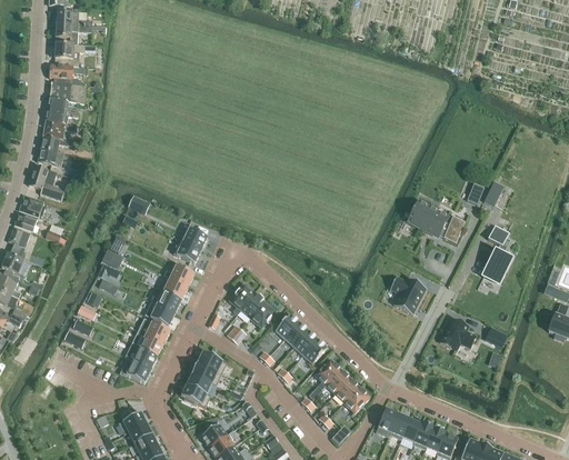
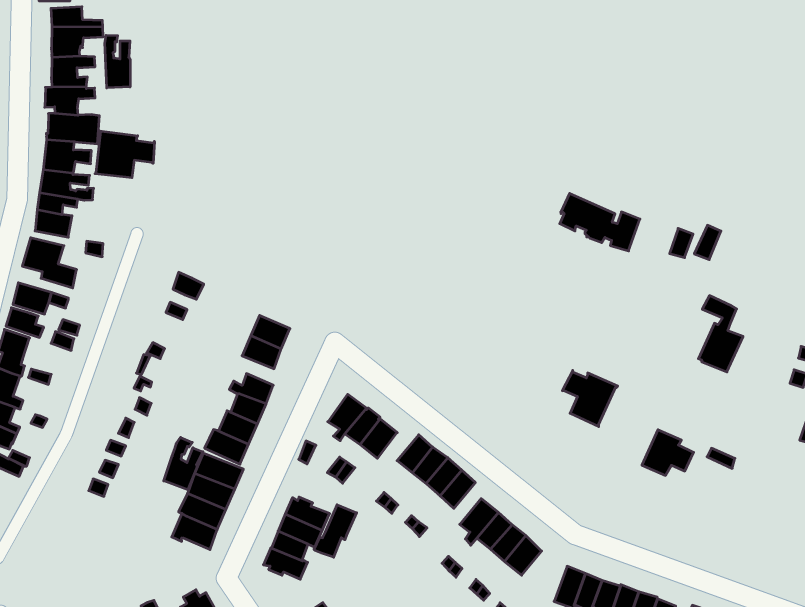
building: none -> [105,35,130,88]
building: none -> [95,131,154,178]
building: [410,201,465,242] -> [560,193,640,251]
building: none -> [164,437,203,490]
building: none -> [314,505,357,557]

